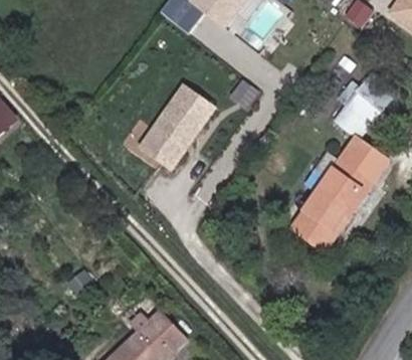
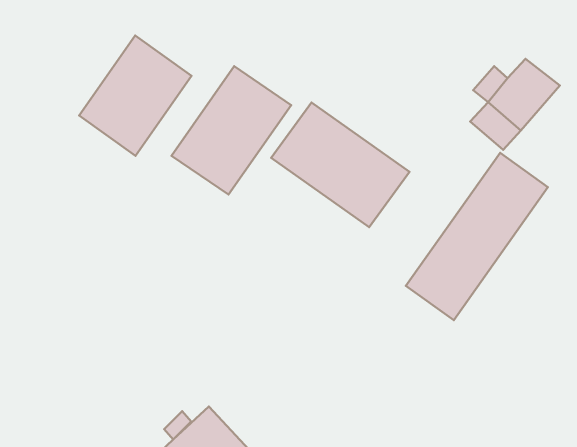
building: none -> [79,36,191,156]
building: none -> [271,102,409,227]

